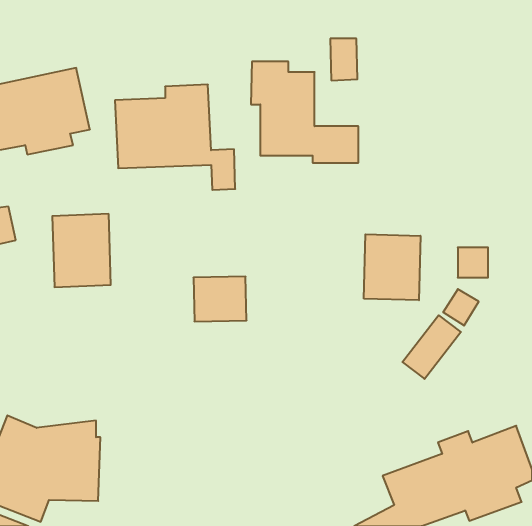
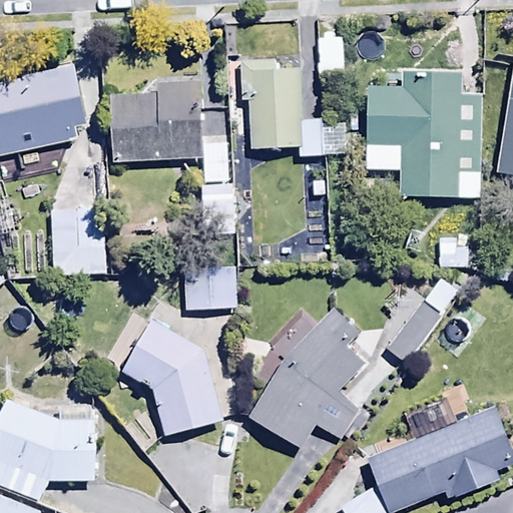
building: none -> [366,70,482,198]
building: [364,234,420,300] -> none
building: none -> [247,307,370,449]
building: none -> [122,320,222,436]

